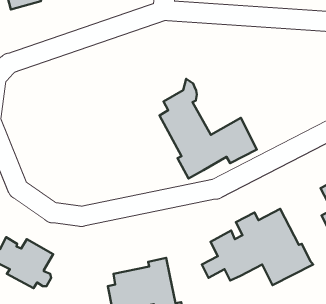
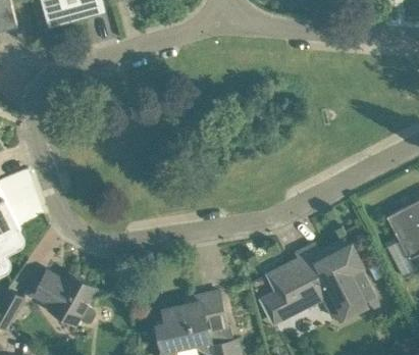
building: [160,79,257,179] -> none

